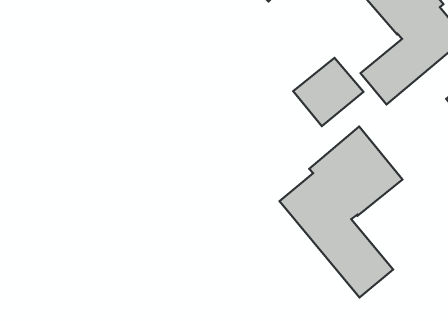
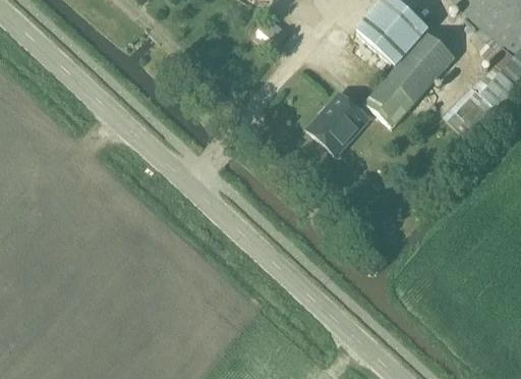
building: [280,127,402,298] -> none

